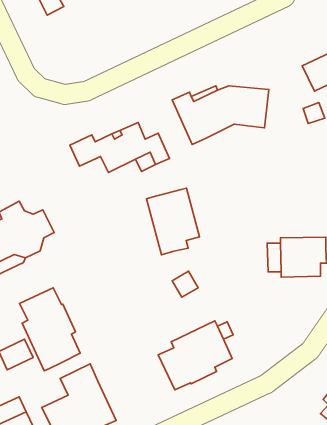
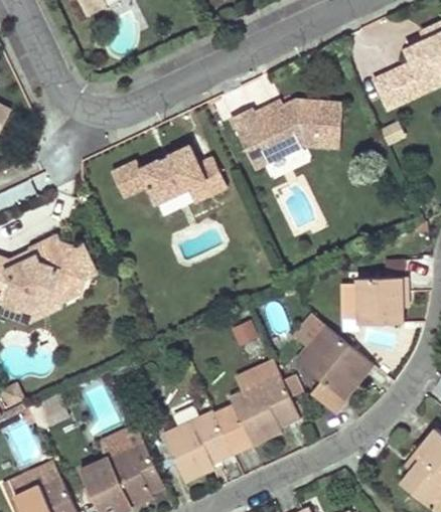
building: [147,188,199,255] -> none
building: none -> [294,314,372,412]
building: [19,288,80,371] -> none
building: none -> [162,411,233,482]

